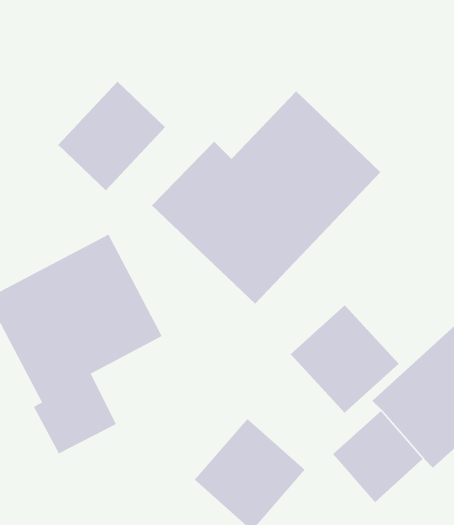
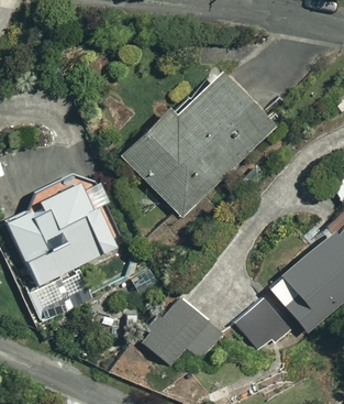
building: [57,81,166,191] -> none
building: [290,304,399,413] -> none

